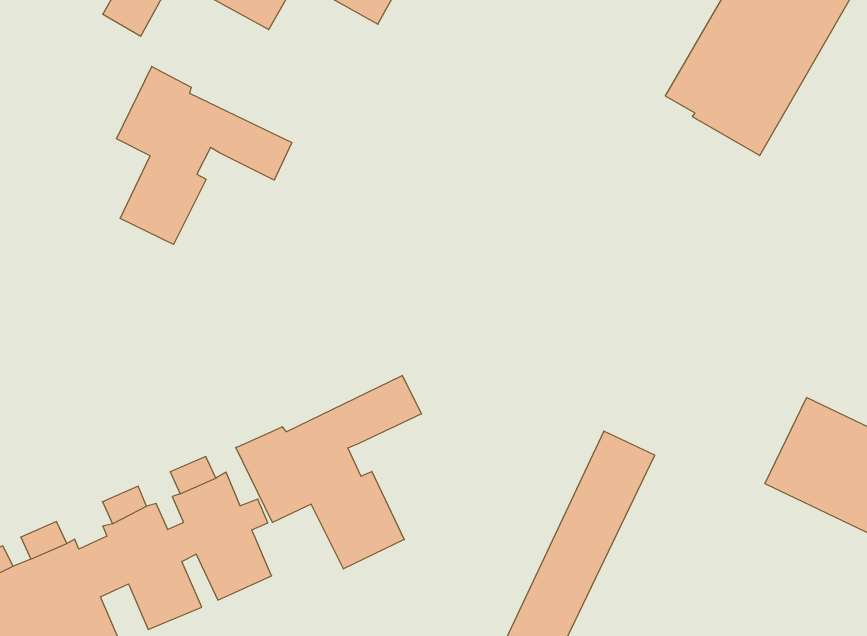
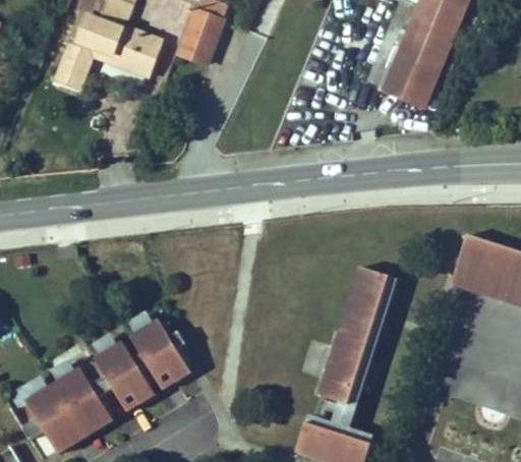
building: [116,66,292,244] -> none
building: [236,375,422,569] -> none

